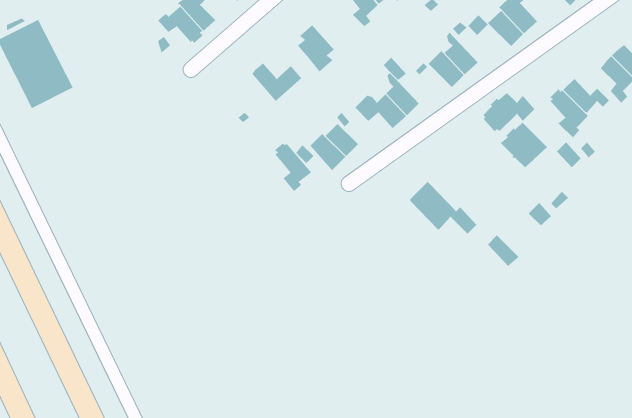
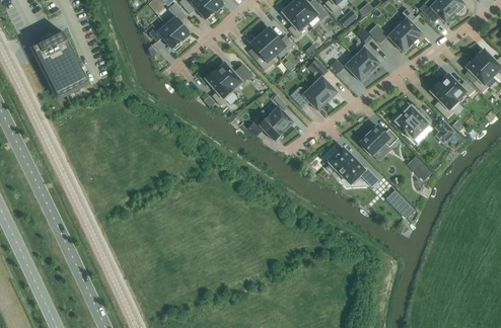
building: none -> [260,27,293,54]
building: [483,92,535,133] -> [360,126,398,155]
building: [274,143,312,192] -> [206,70,233,105]

